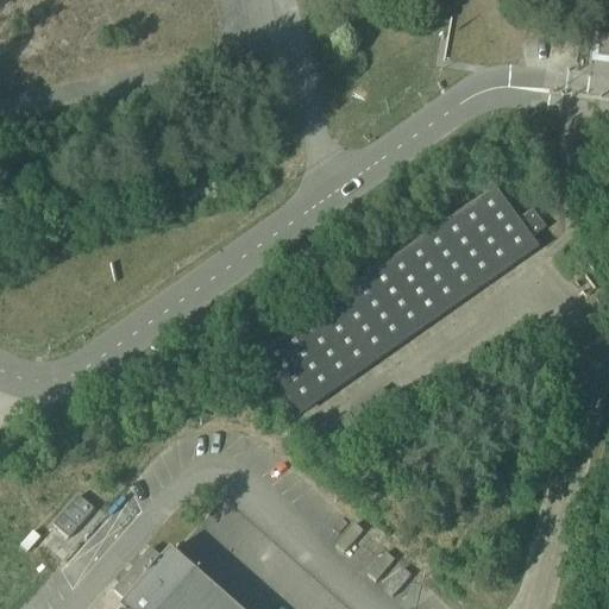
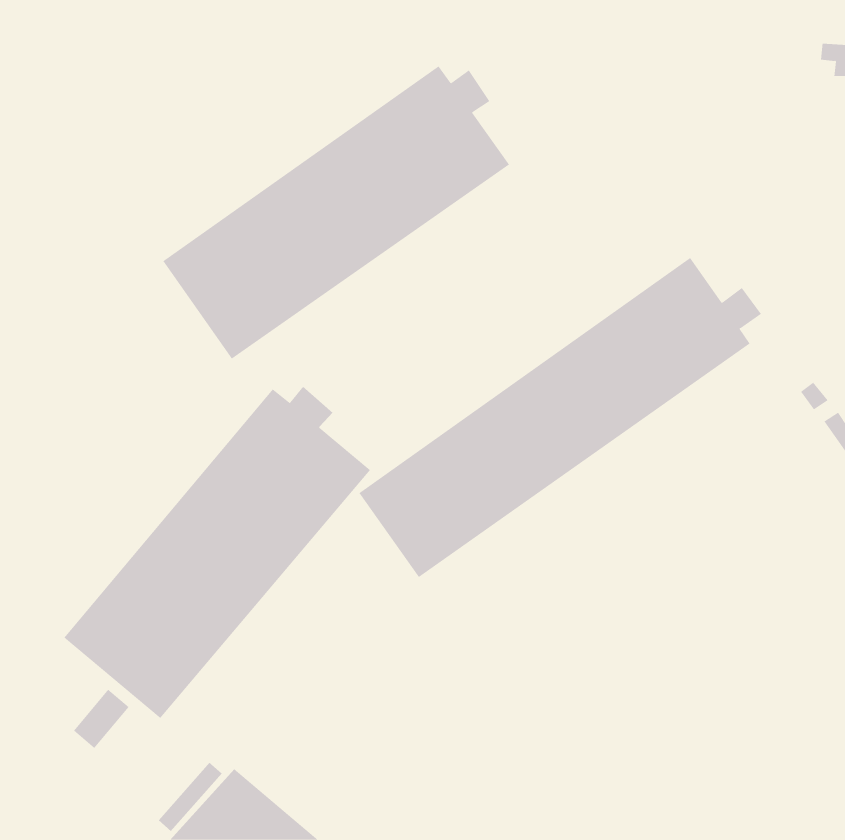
building: none -> [162,65,510,359]
building: none -> [64,386,371,719]

